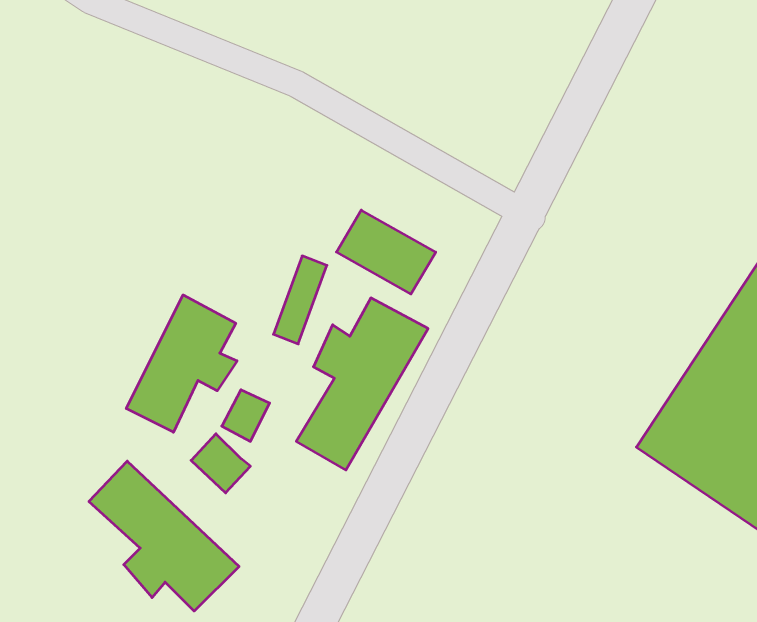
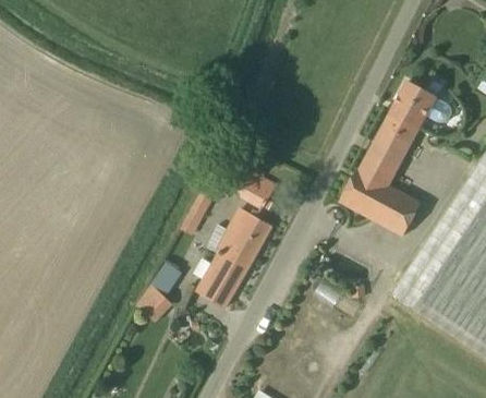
building: none -> [340,81,453,234]
building: [126,295,237,432] -> none
building: [89,461,239,611] -> none

